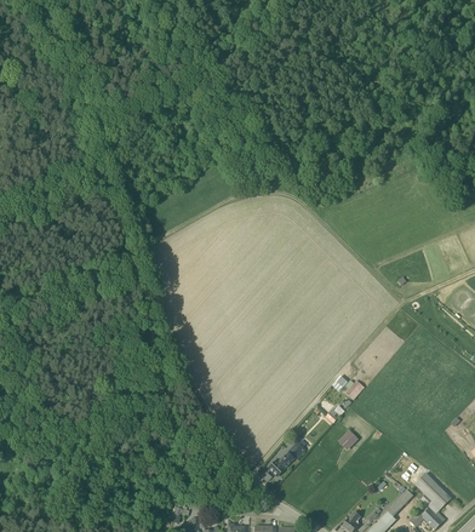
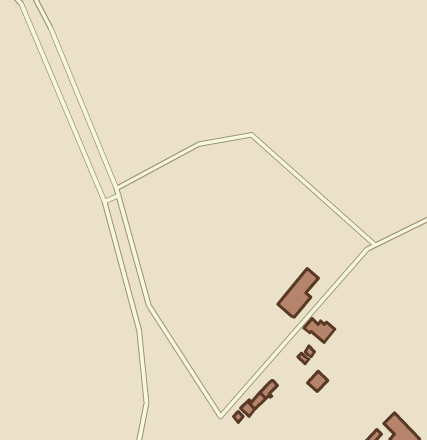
building: none -> [278,268,318,317]

